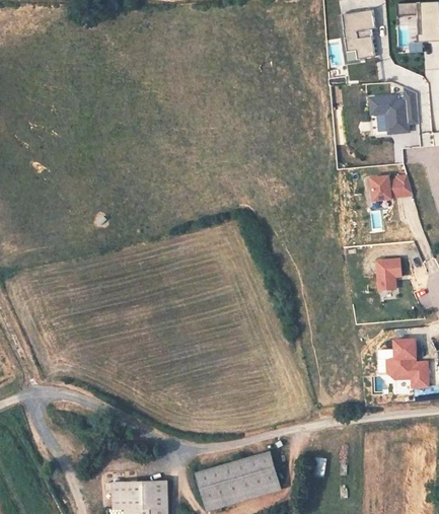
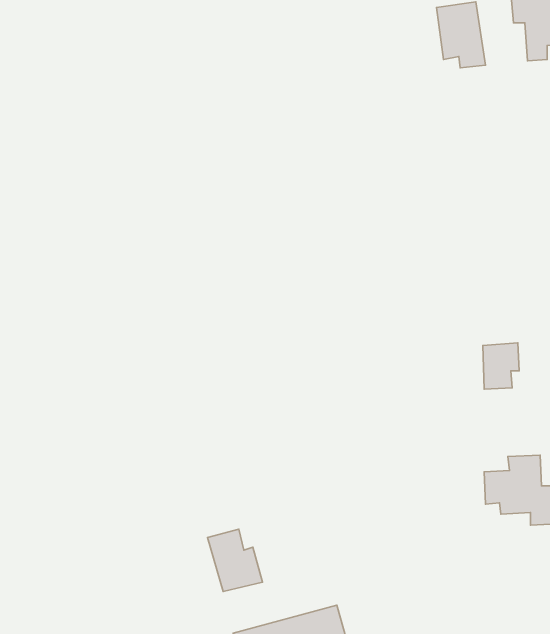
building: [369,89,418,135] -> none
building: [370,173,411,202] -> none
building: none -> [208,529,262,591]

